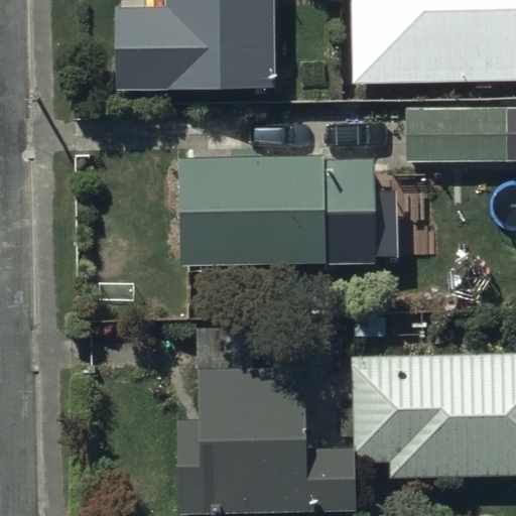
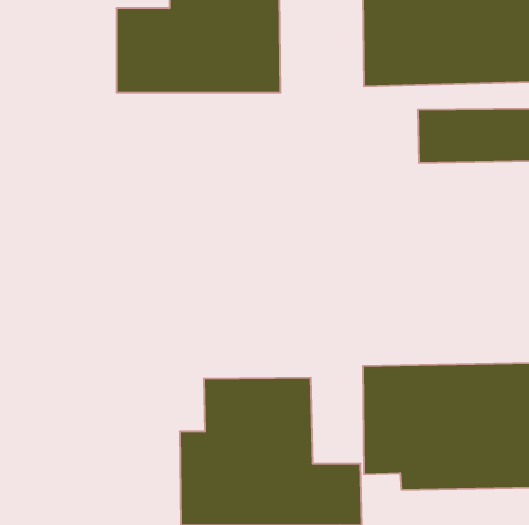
building: [178,157,374,266] -> none

